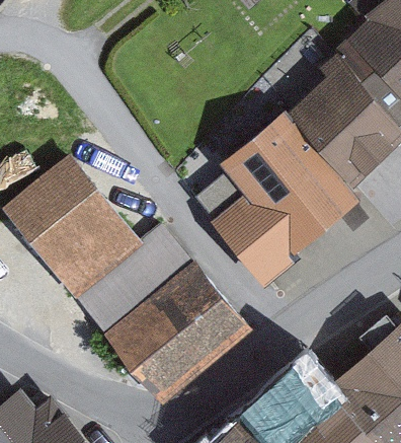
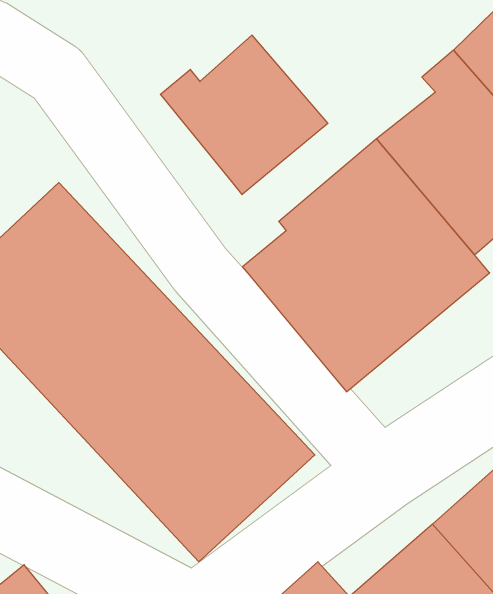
building: none -> [160,35,328,195]

